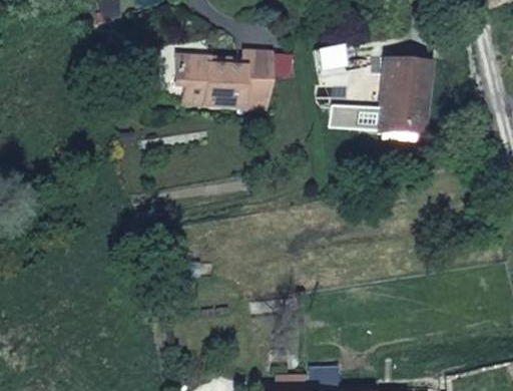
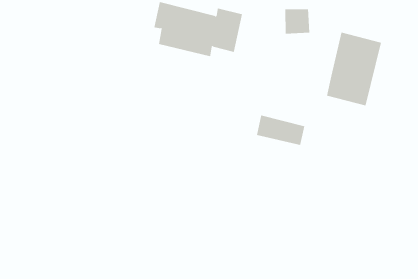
building: [329,105,380,131] -> [256,115,305,146]

